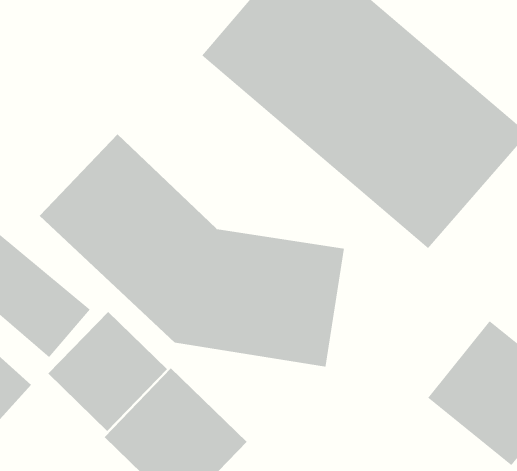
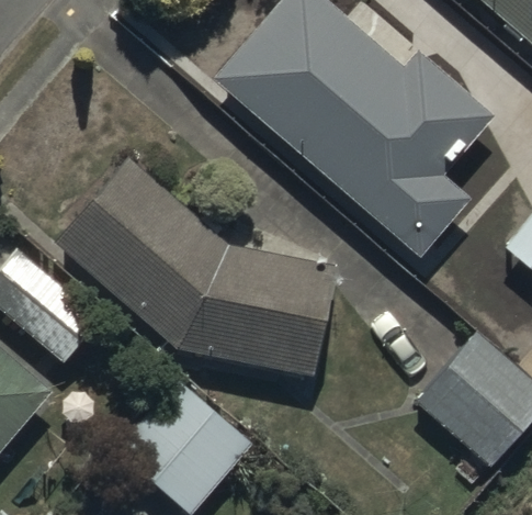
building: [47,311,168,432] -> none

